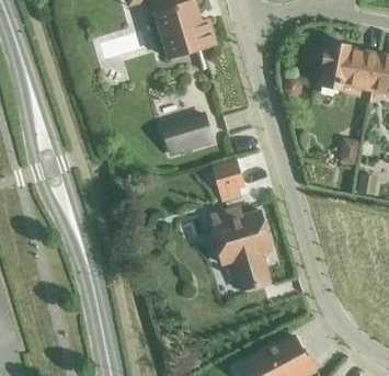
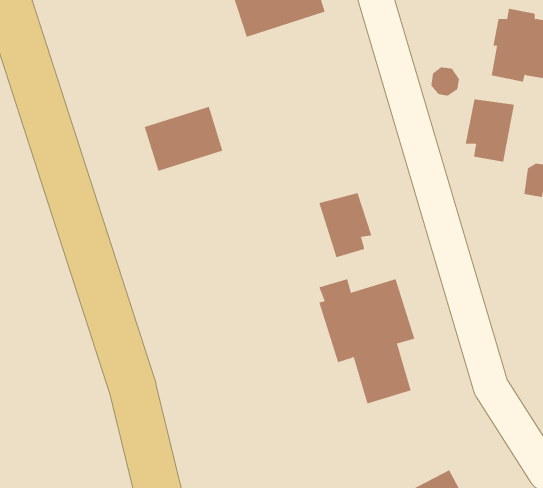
building: none -> [465,99,515,162]
building: [162,114,213,156] -> [144,106,223,172]

